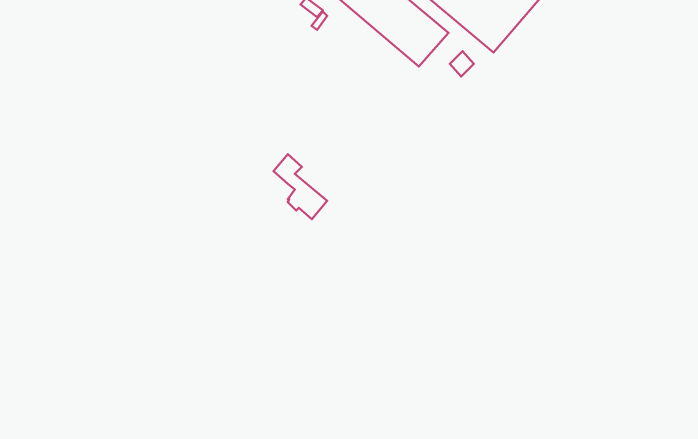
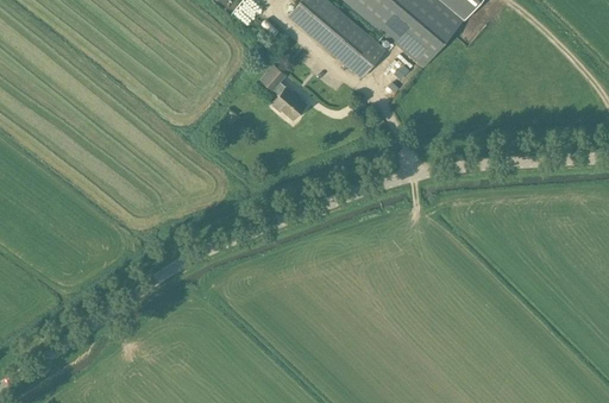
building: [274,154,327,219] -> [260,64,306,119]

